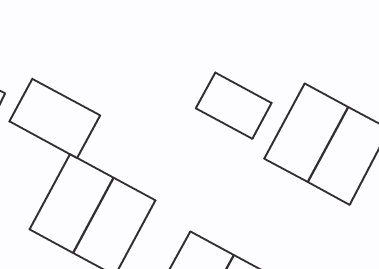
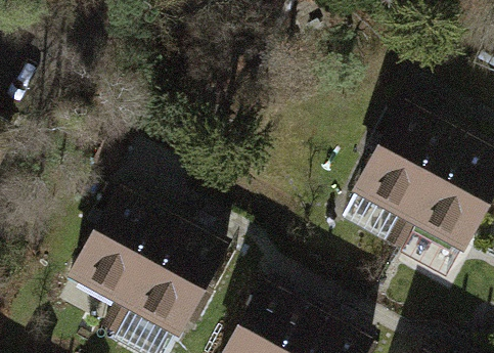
building: [196,72,272,139] -> none
building: [9,79,100,158] -> none

